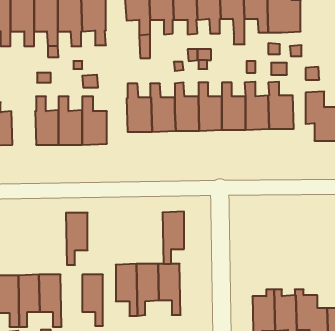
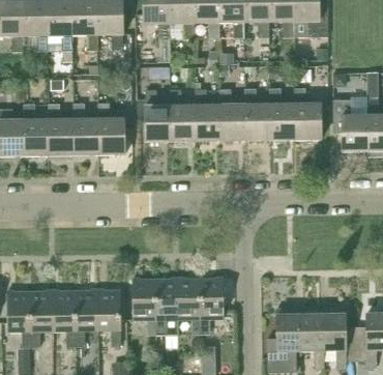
building: none -> [23,104,49,154]
building: [162,212,184,264] -> [200,279,223,334]
building: [66,213,88,265] -> [75,291,97,346]

